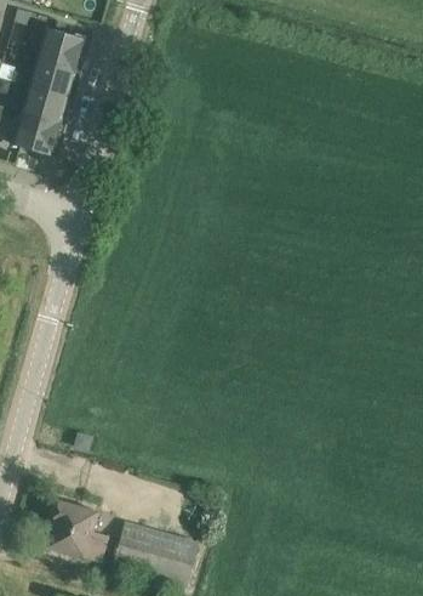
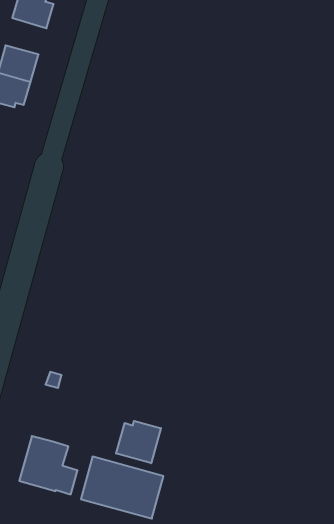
building: [33,57,76,96] -> none
building: none -> [116,421,161,463]

